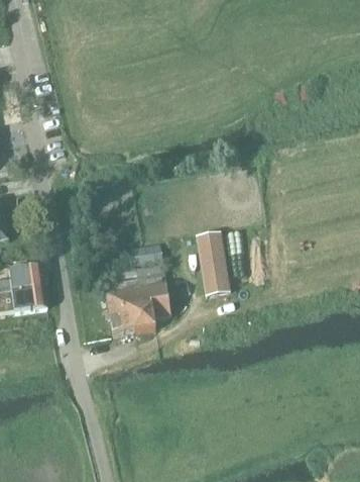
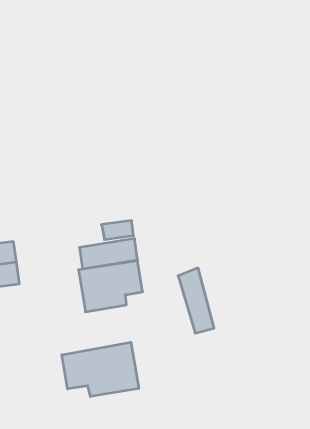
building: [195,222,231,288] -> [178,268,214,333]
building: none -> [62,342,139,397]

